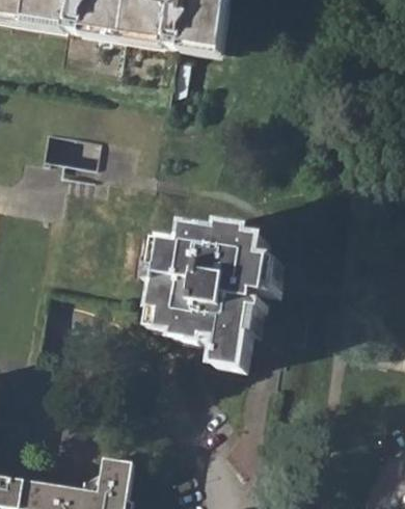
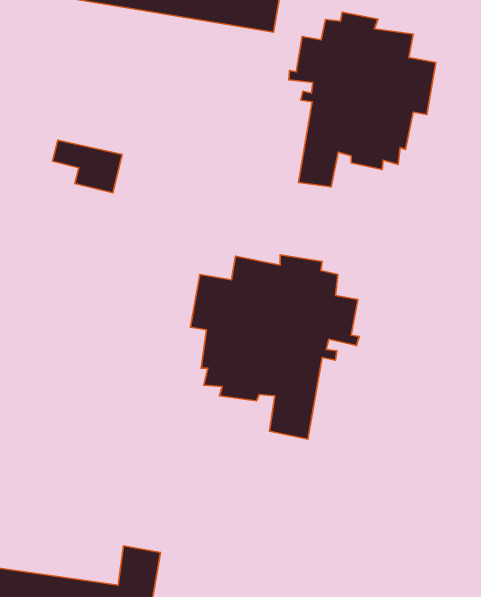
building: none -> [289,12,436,187]

